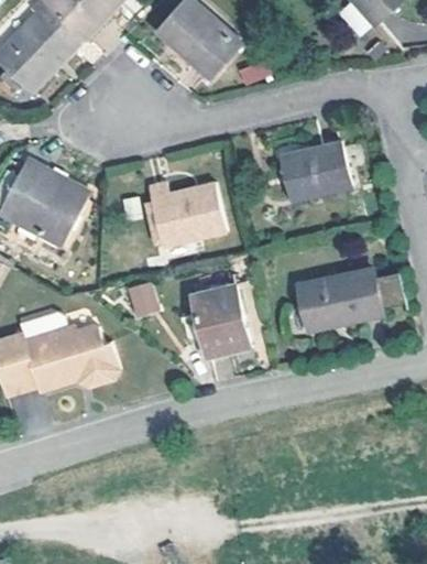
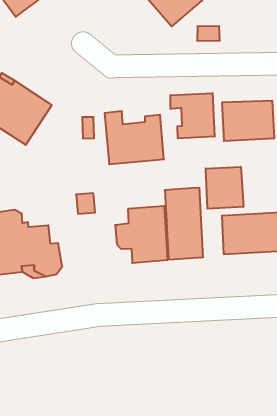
building: none -> [170,93,215,138]
building: none -> [206,167,243,209]
building: none -> [165,188,203,260]

